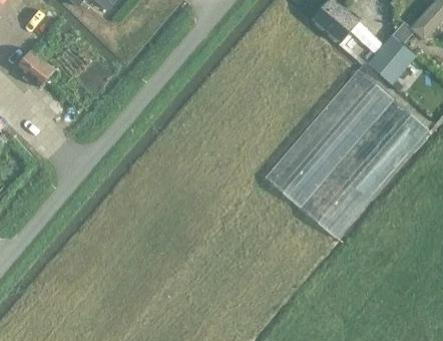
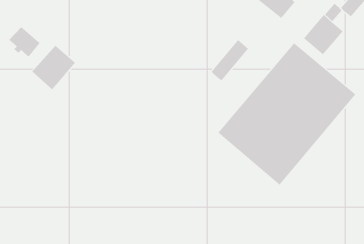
building: none -> [211,39,249,81]
building: none -> [32,45,76,90]

